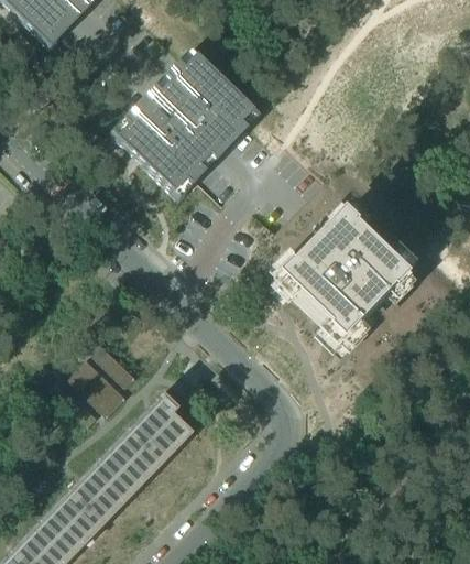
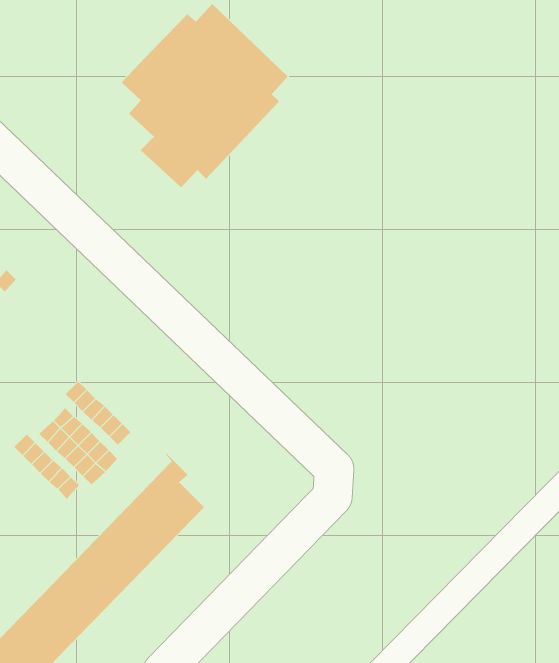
building: [264,199,408,356] -> none

